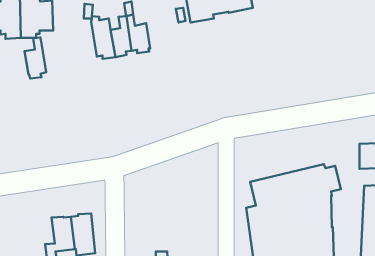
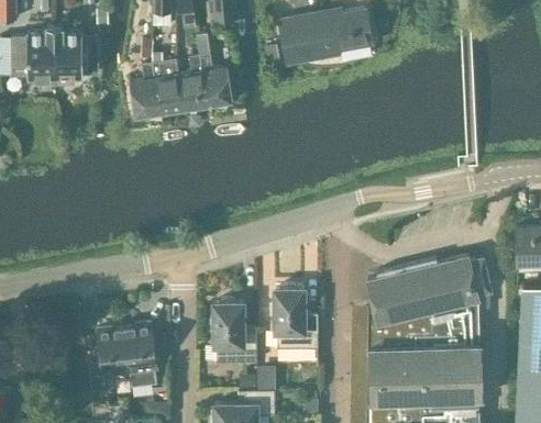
building: [24,37,46,79] -> [130,65,159,121]
building: none -> [272,288,318,350]
building: none -> [211,302,257,365]

